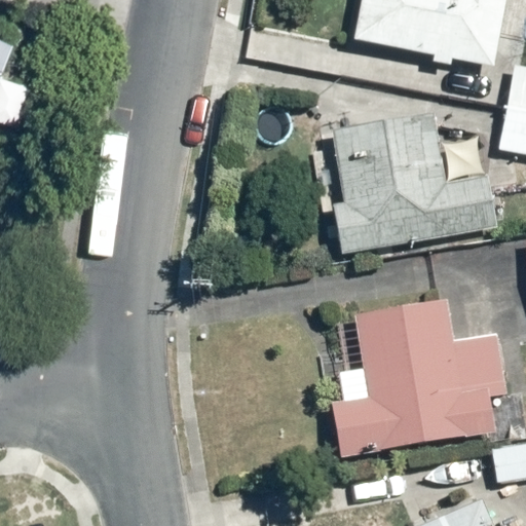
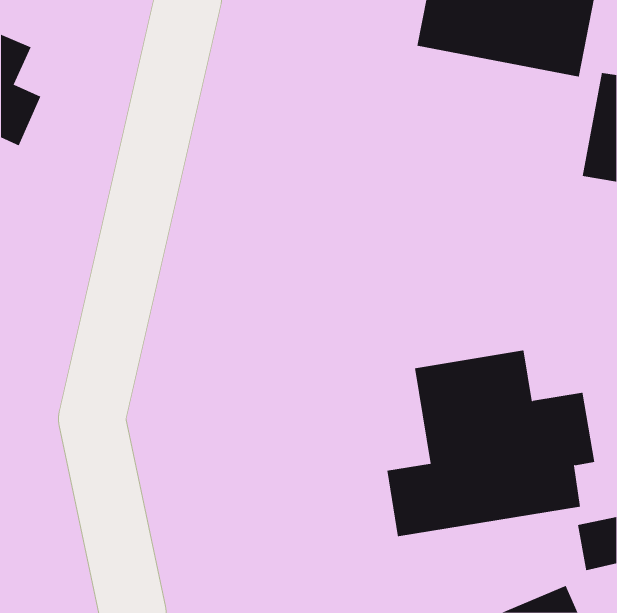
building: [330,114,499,255] -> none

